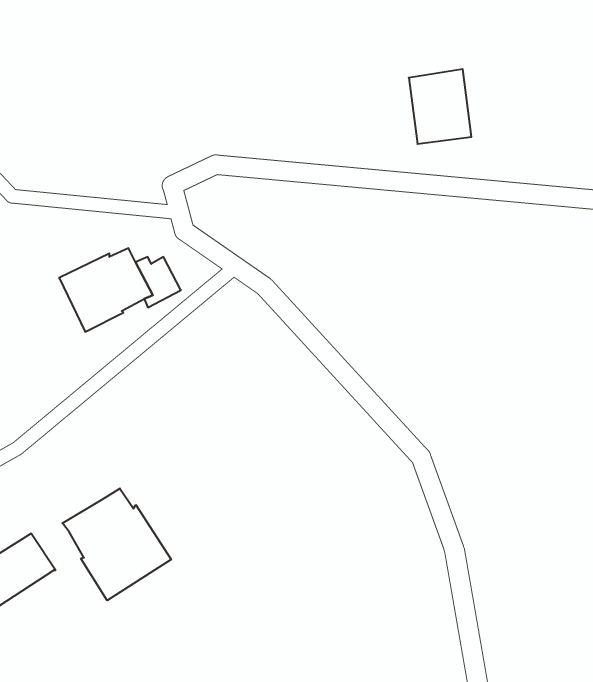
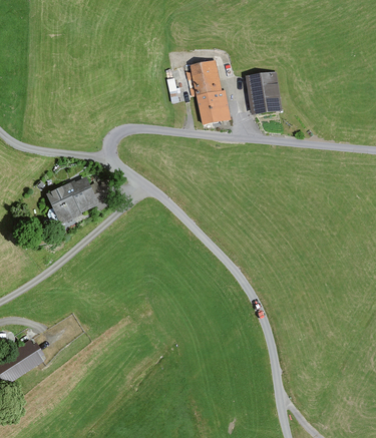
building: none -> [186,59,231,124]
building: [62,488,171,600] -> none

